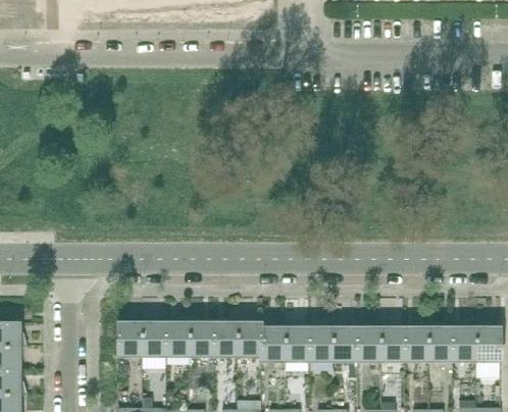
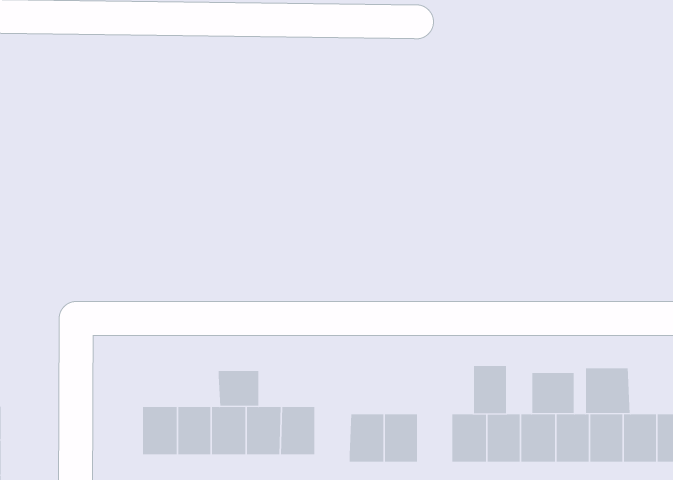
building: none -> [585,367,630,414]
building: none -> [218,370,259,407]
building: none -> [532,372,574,414]
building: [238,321,262,355] -> none
building: [309,326,333,360] -> [473,365,507,414]

